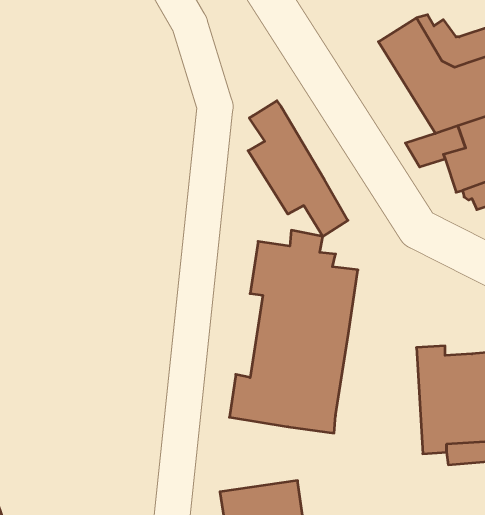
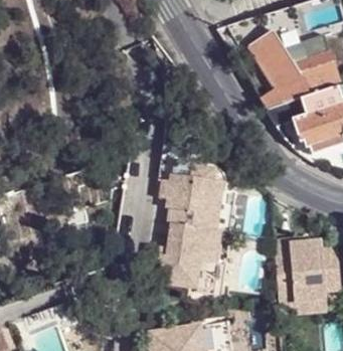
building: [248,101,348,237] -> none

